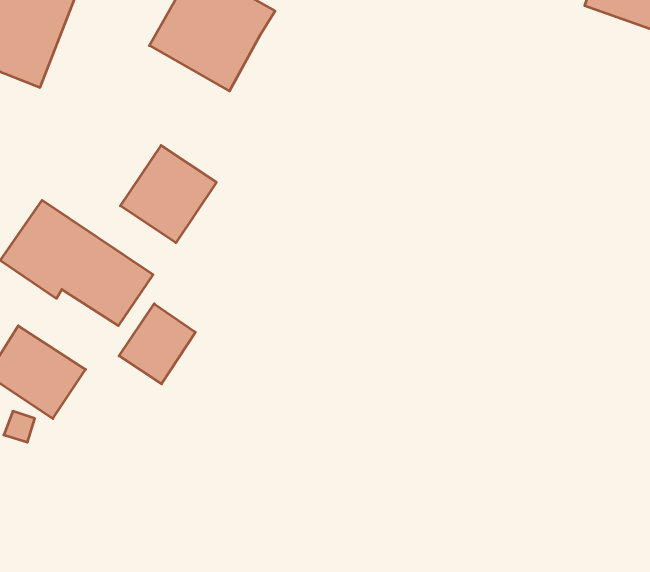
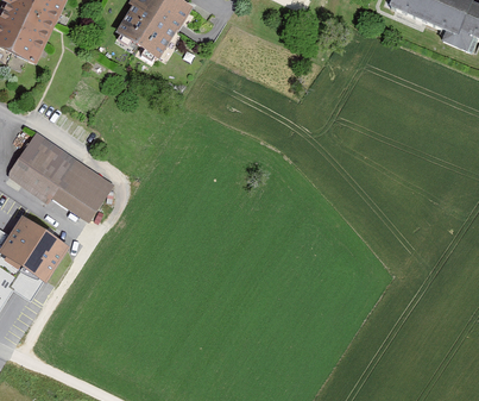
building: [120,145,216,243] -> none
building: [119,304,195,384] -> none

